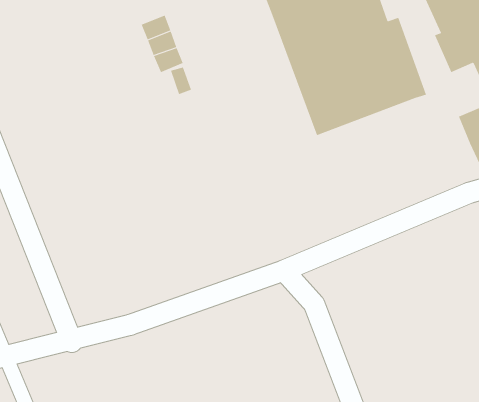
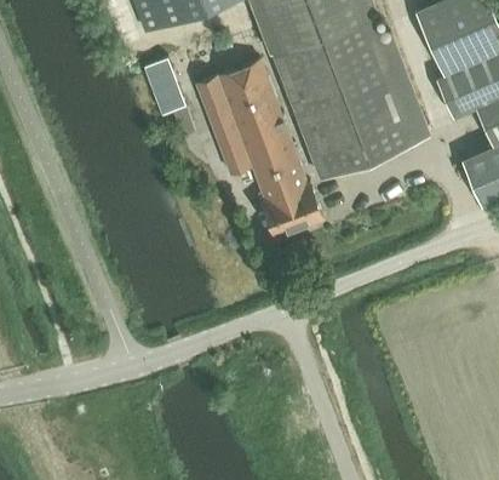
building: none -> [196,62,321,236]

